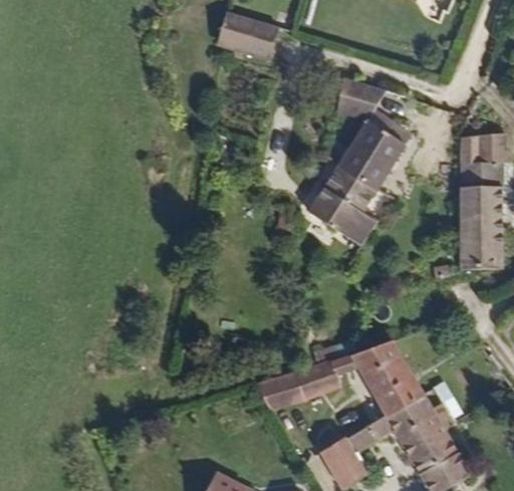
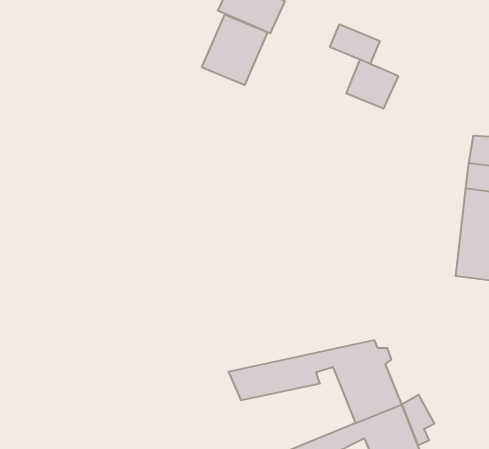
building: none -> [330,24,380,64]
building: none -> [202,15,267,85]
building: [296,120,397,256] -> none

